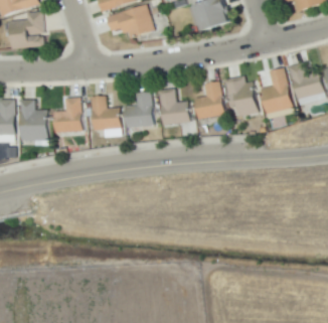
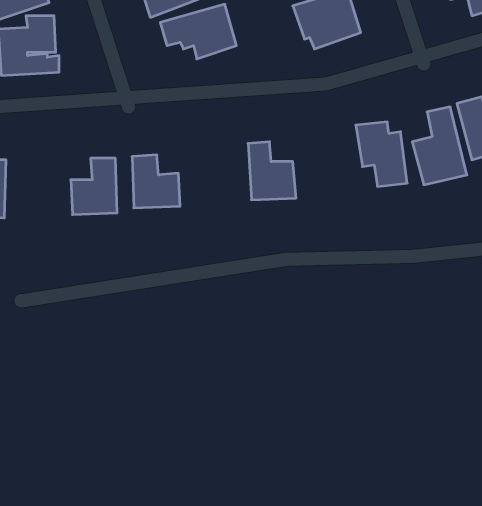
building: [194,80,223,118] -> none
building: [125,91,155,128] -> none
building: [19,100,46,140] -> none

